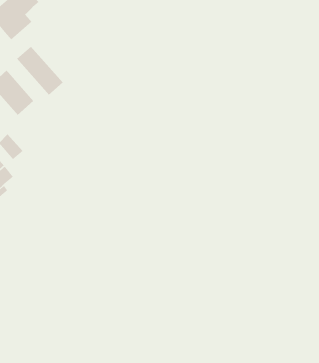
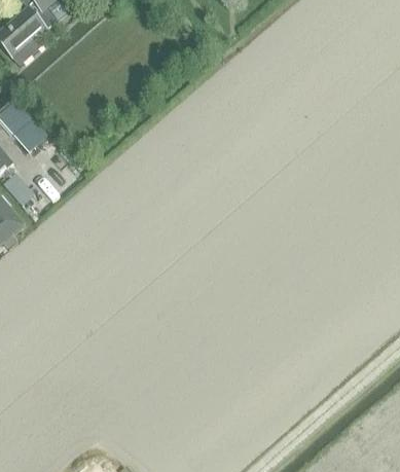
building: [16,46,64,96] -> none

